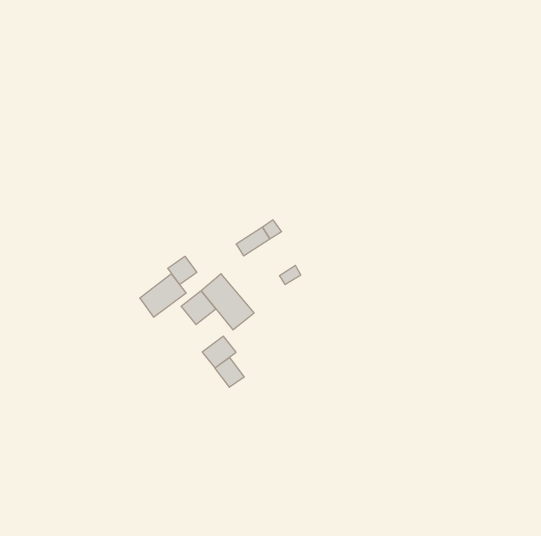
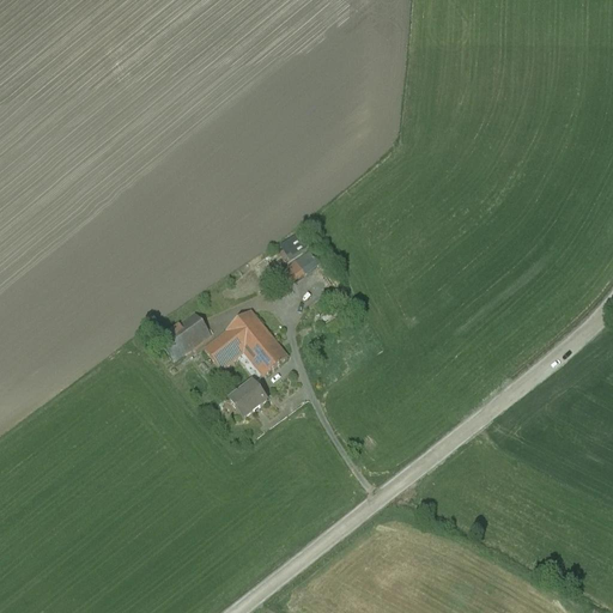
building: [168,256,197,284] -> none
building: [215,358,244,387] -> none

